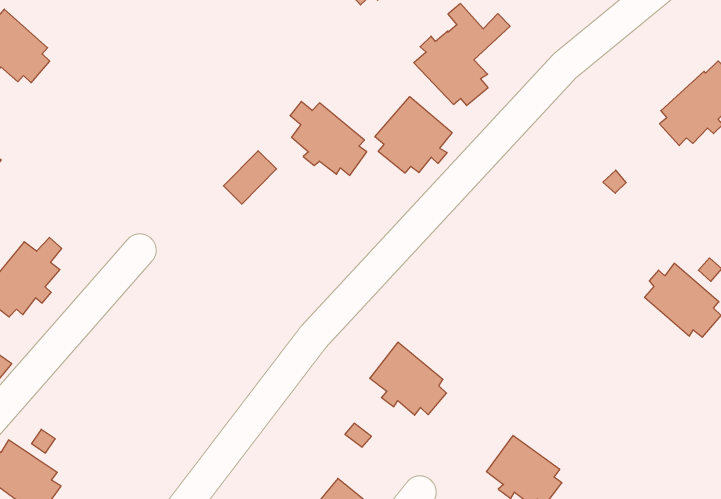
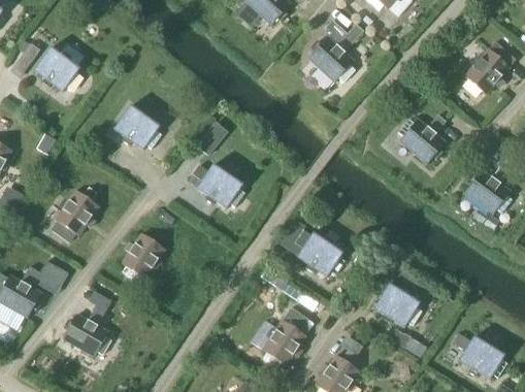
building: [375,97,452,173] -> none
building: [290,101,367,175] -> [195,163,244,206]
building: none -> [113,104,162,148]
building: none -> [396,117,444,161]
building: none -> [122,232,165,280]

